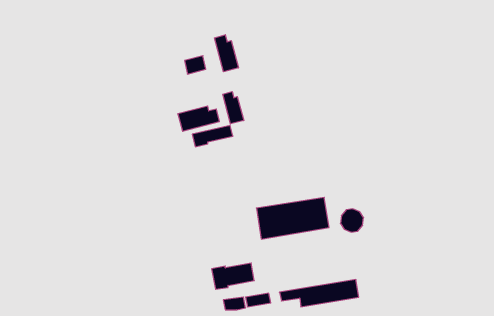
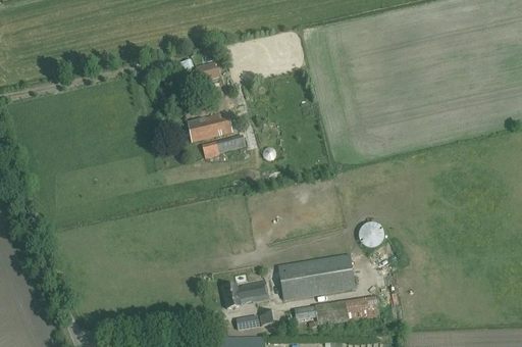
building: [215,35,238,72] -> none
building: [223,92,244,124] -> none
building: [256,197,329,239] -> [278,255,355,299]

